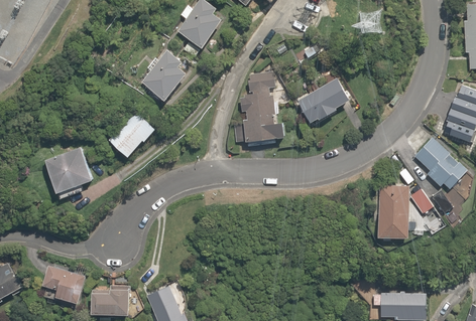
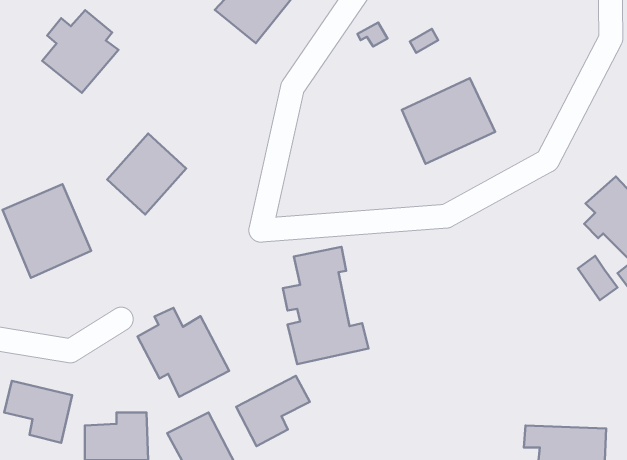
building: [140,48,189,101] -> [42,10,118,93]
building: [236,69,290,144] -> [283,247,368,364]
building: [377,181,407,242] -> none
building: none -> [138,308,229,397]
building: none -> [236,376,310,446]

